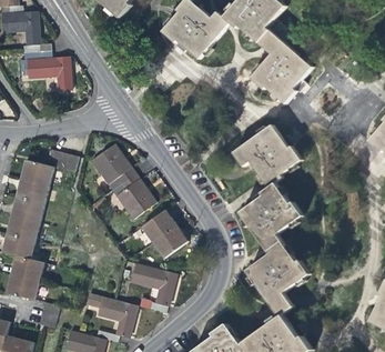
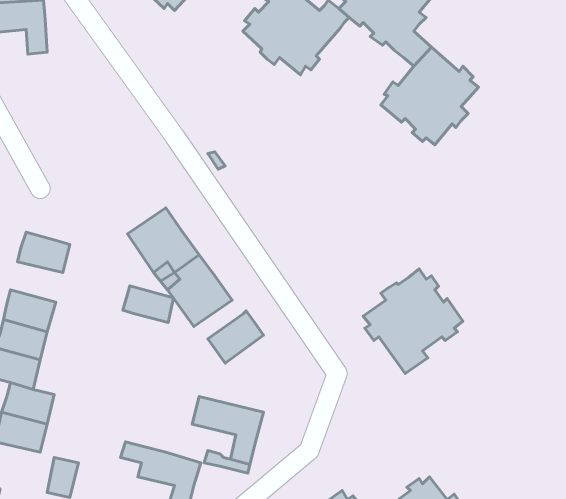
building: [23,56,71,91] -> none
building: [233,124,302,188] -> none
building: [45,149,78,172] -> [123,286,173,322]
building: [16,178,49,203] -> none
building: [152,224,188,258] -> none
building: [246,239,310,316] -> none

